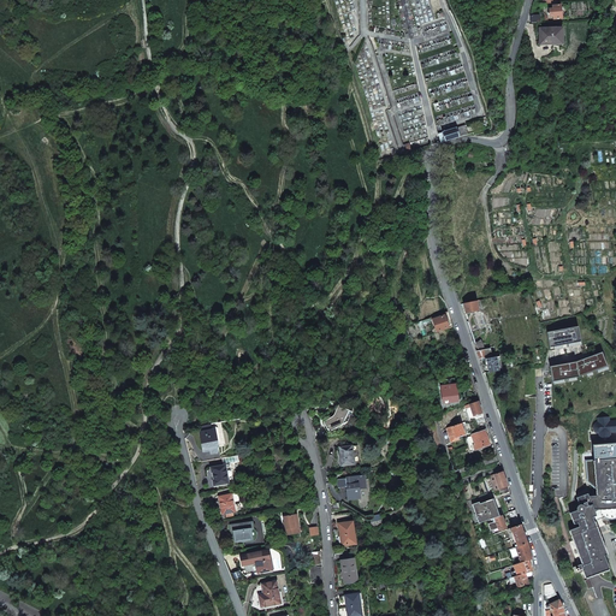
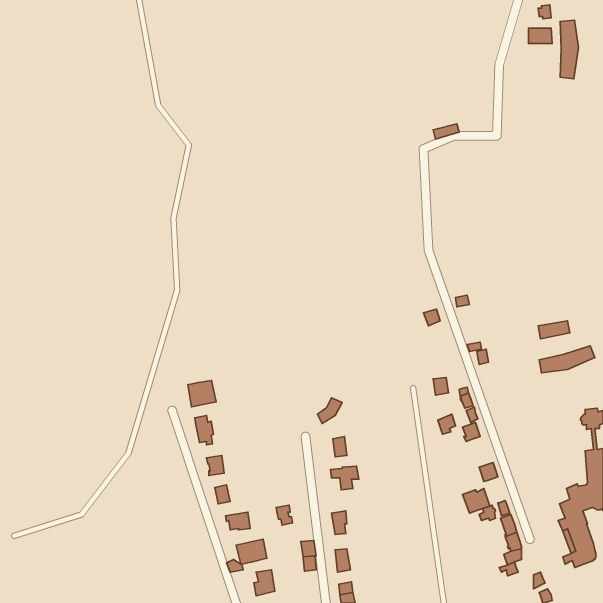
building: none -> [560,20,578,79]
building: none -> [188,380,216,407]

